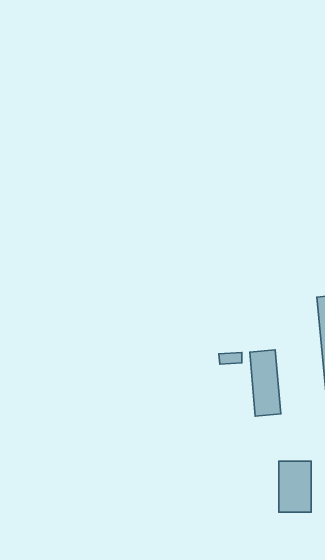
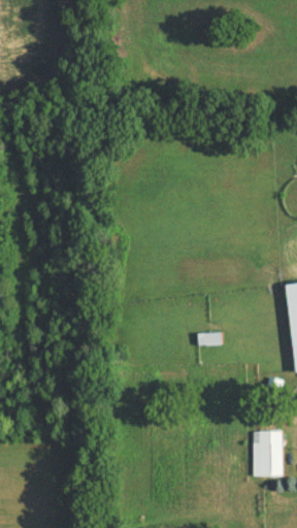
building: [250,350,281,416] -> none

